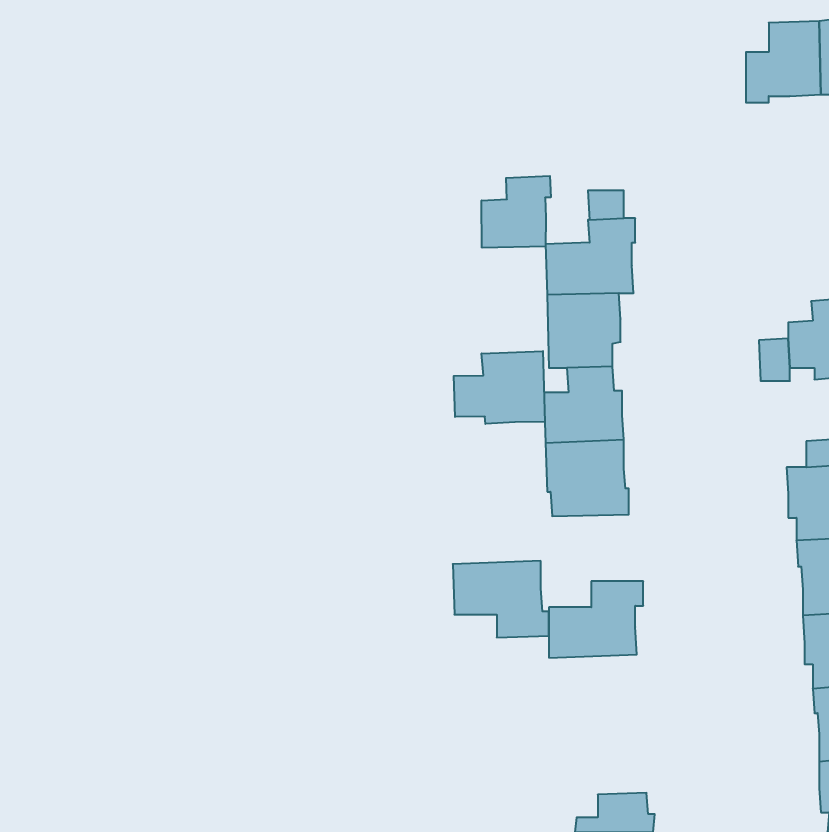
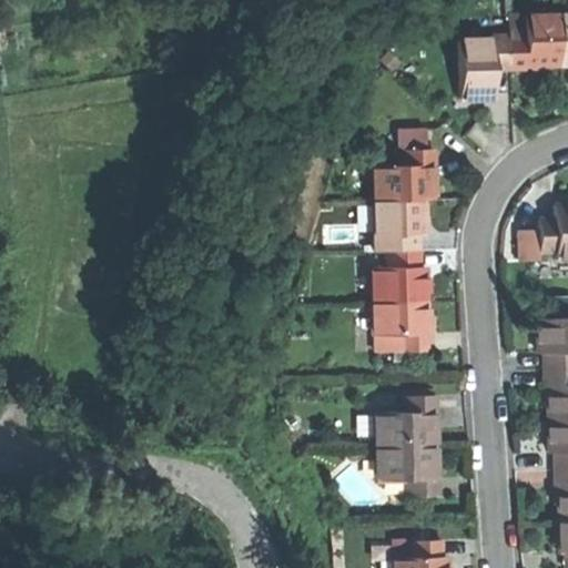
building: none -> [460,36,510,98]
building: [482,176,551,248] -> none
building: [454,351,545,424] -> none
building: [453,561,549,637] -> [376,446,442,498]

